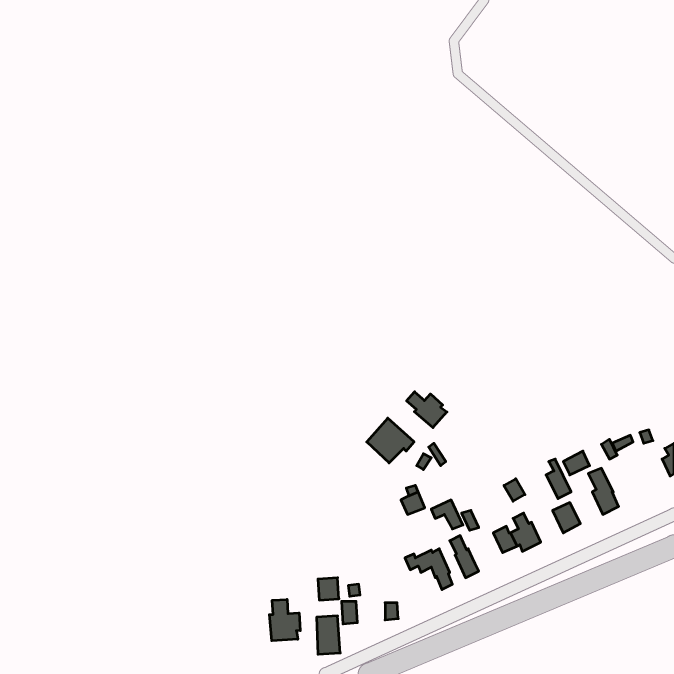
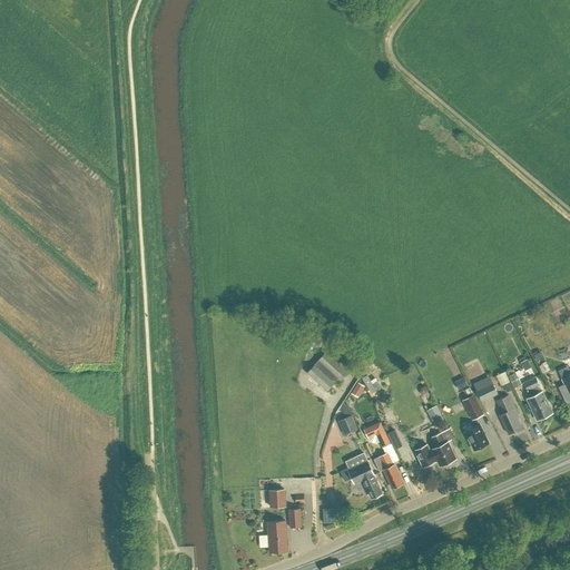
building: [407,392,447,428] -> none
building: none -> [523,376,551,420]
building: [269,599,300,641] -> none

